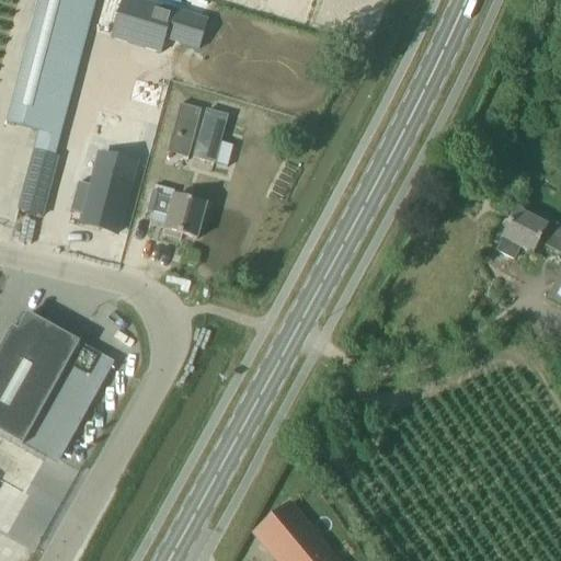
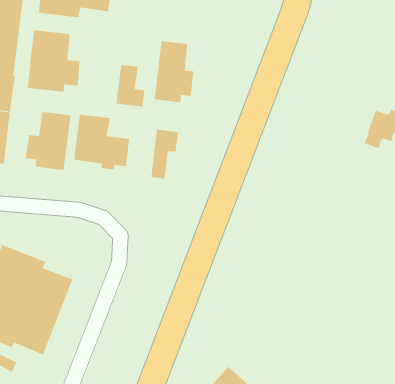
building: none -> [27,29,80,93]
building: none -> [154,40,194,103]
building: [173,102,202,138] -> none
building: none -> [151,129,179,179]

